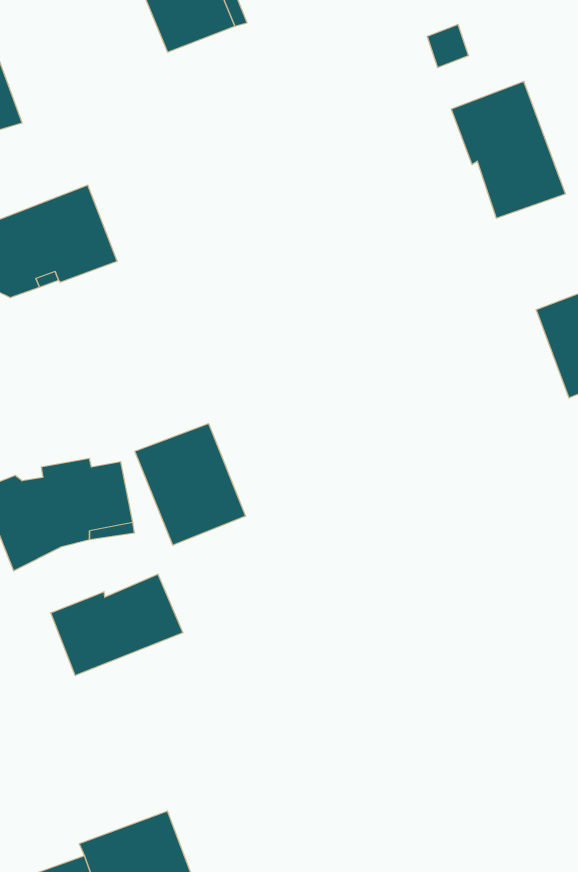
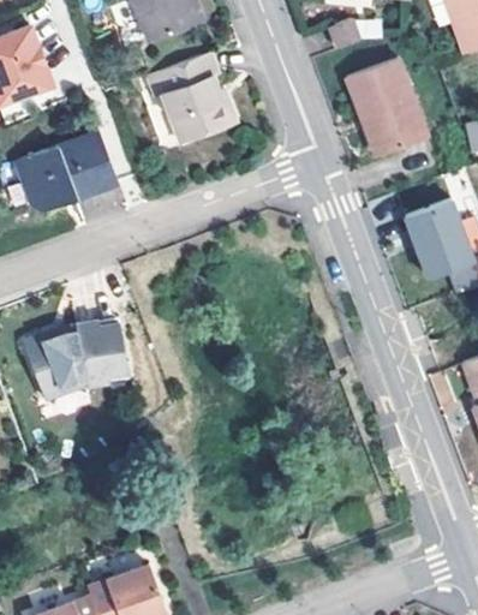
building: none -> [148,50,233,141]
building: [135,424,245,545] -> none
building: [51,574,183,676] -> none

